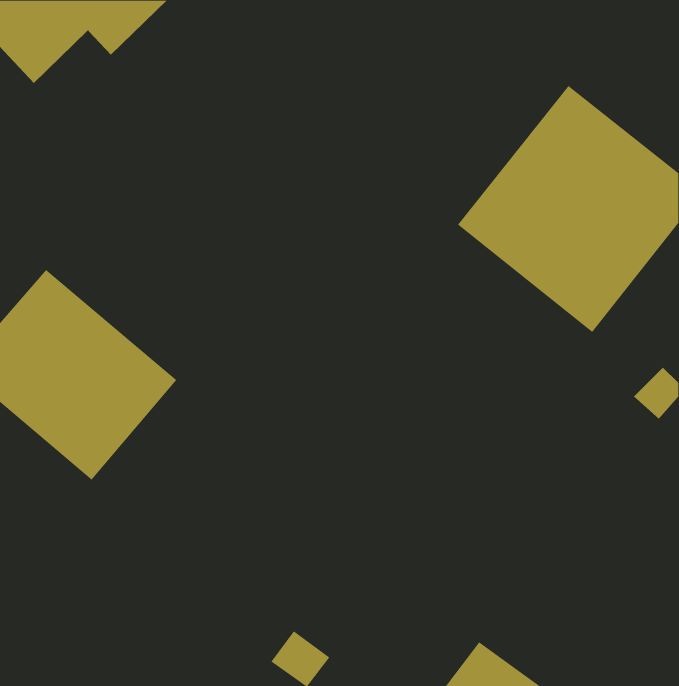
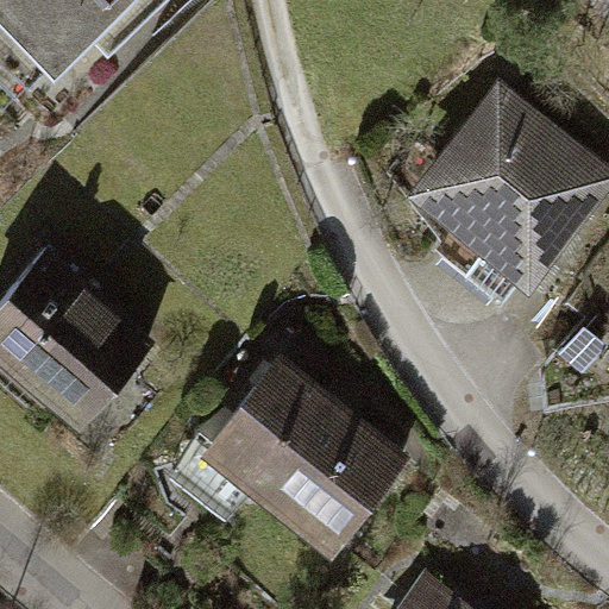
building: none -> [180,347,415,560]

